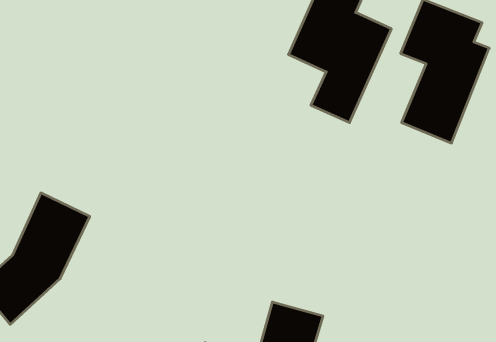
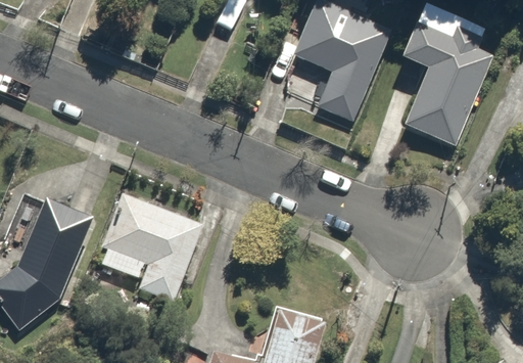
building: none -> [93,192,203,301]

